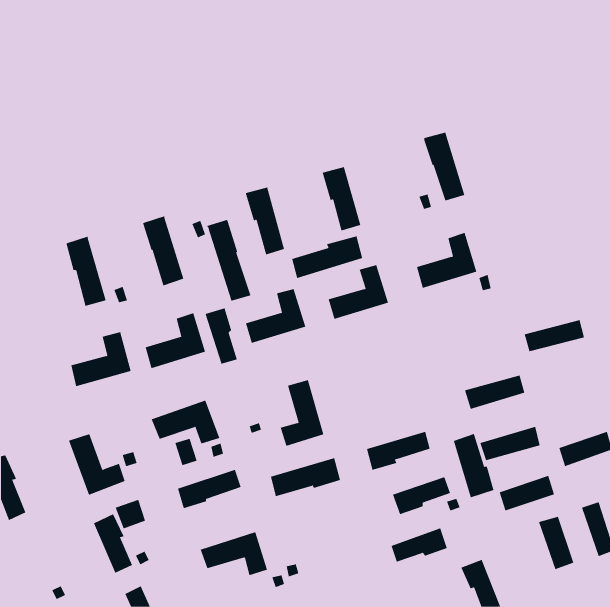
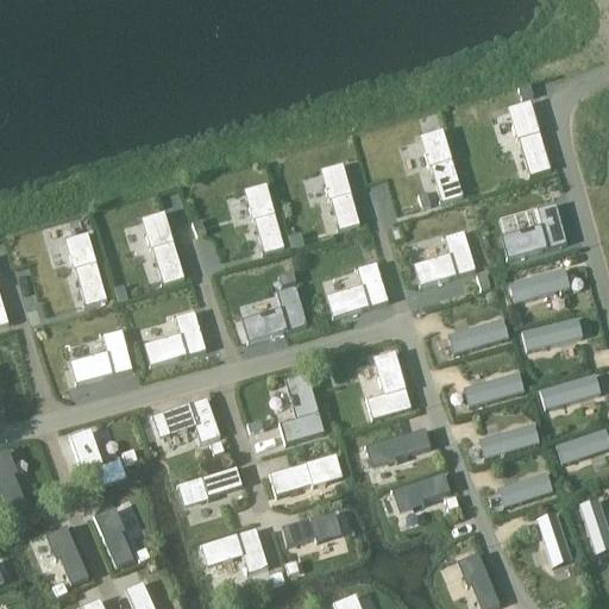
building: none -> [510,105,552,175]
building: none -> [504,205,565,258]
building: [206,219,251,302] -> none
building: [291,236,363,279] -> none
building: none -> [509,269,569,303]
building: [205,307,237,365] -> none
building: none -> [447,319,508,353]
building: none -> [368,353,412,417]
building: none -> [540,373,601,408]
building: [453,433,494,498] -> none
building: none -> [282,513,338,545]
building: [391,527,448,563] -> none
building: none -> [48,532,88,586]

